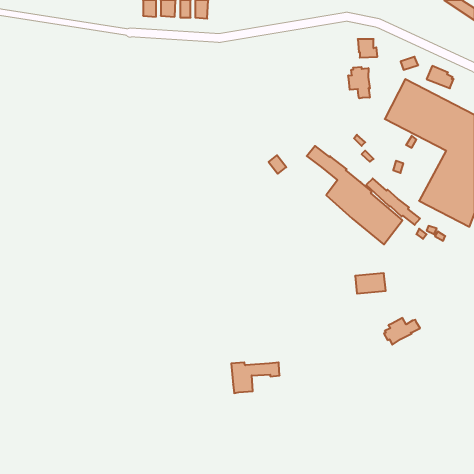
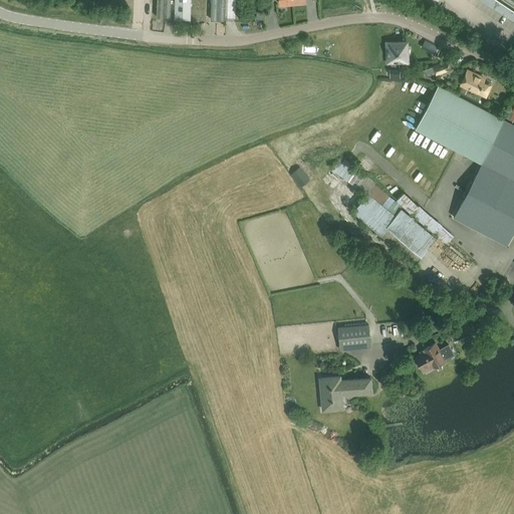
building: [348,67,370,98] -> none
building: [355,273,386,294] -> [338,326,371,348]
building: [231,362,280,393] -> [320,378,372,412]

